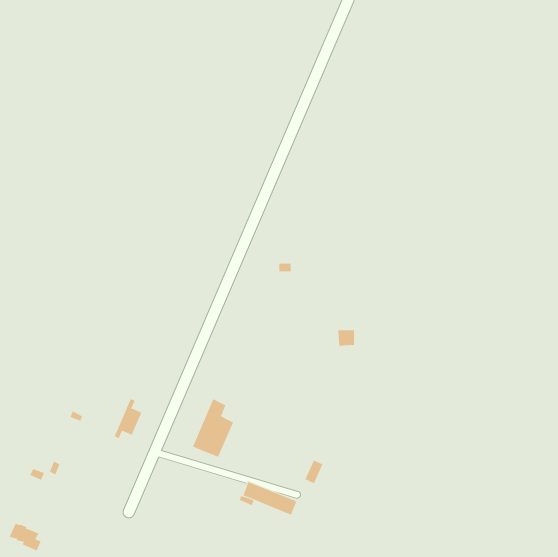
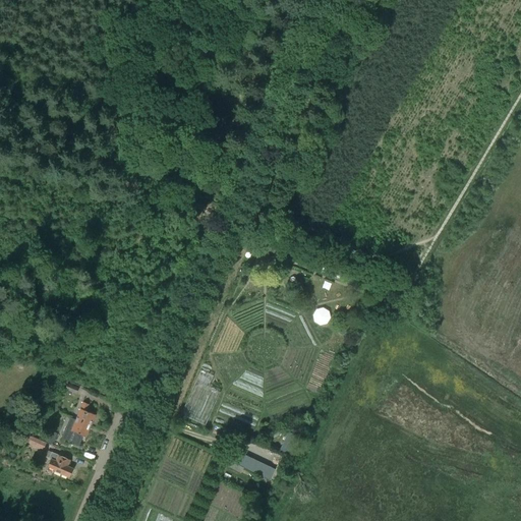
building: [114,398,142,439] -> [68,401,95,439]
building: [9,523,42,551] -> [42,450,72,476]

